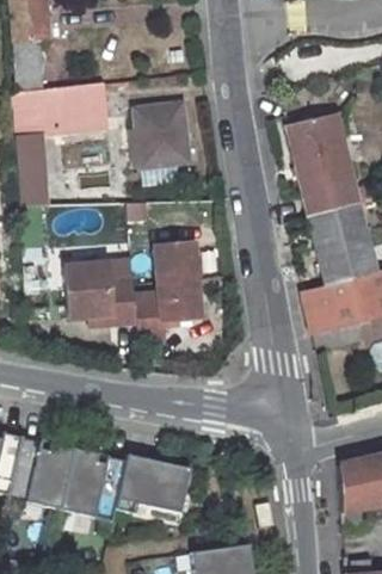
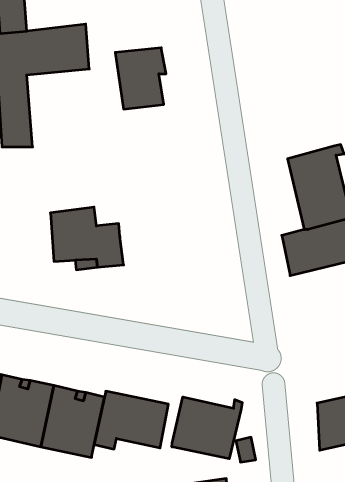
building: [288,112,357,217] -> none
building: [140,246,205,342] -> none
building: none -> [172,397,242,459]

